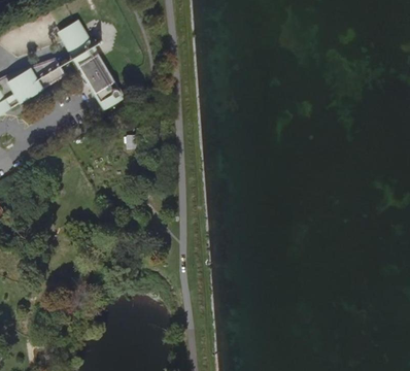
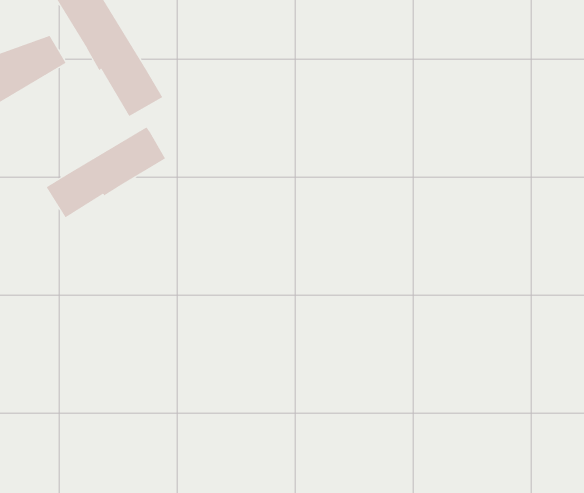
building: none -> [46,126,166,218]

